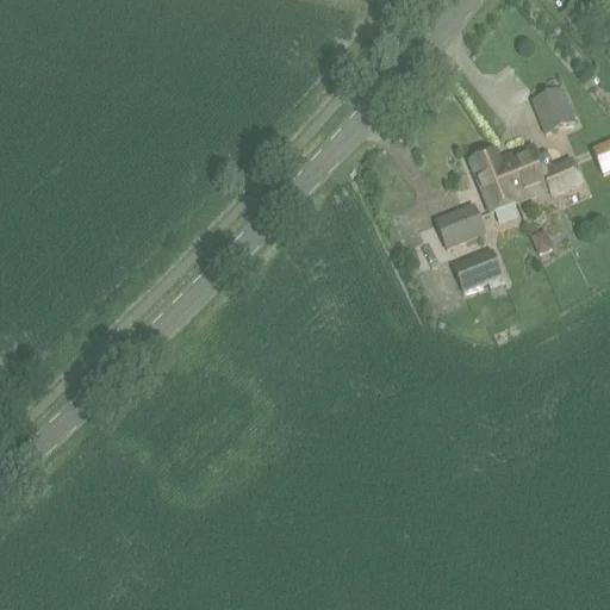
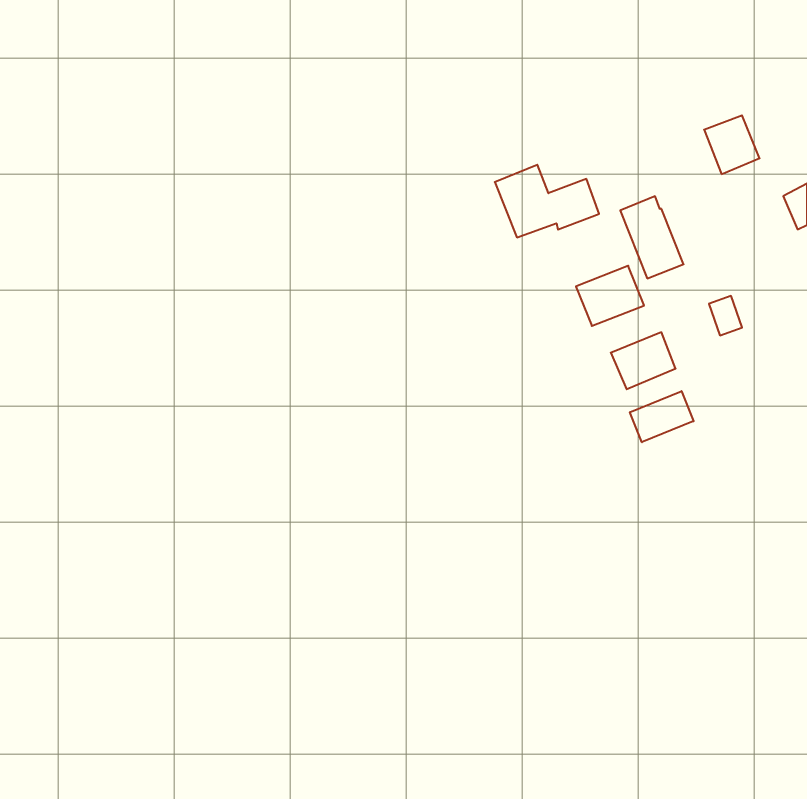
building: [498,144,577,199] -> [495,165,599,237]
building: none -> [630,391,694,442]

